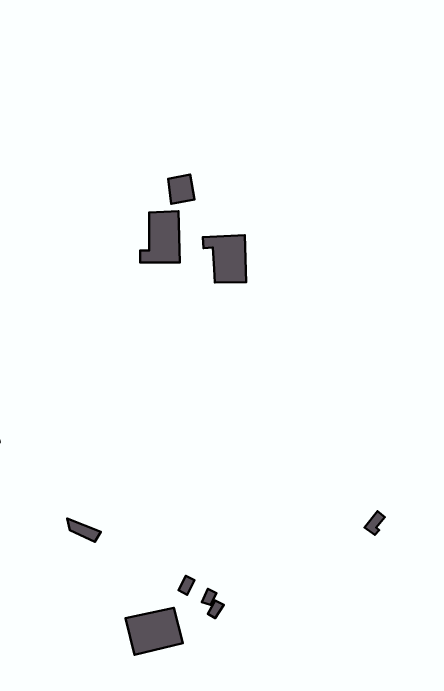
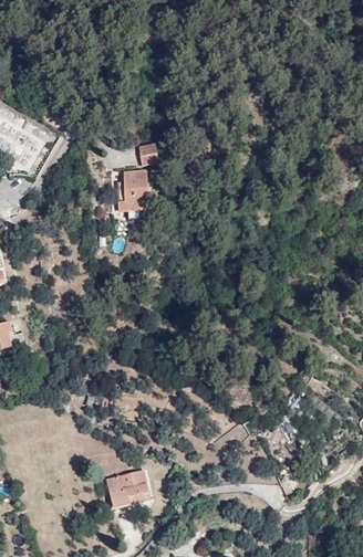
building: [203,235,246,282] -> none

